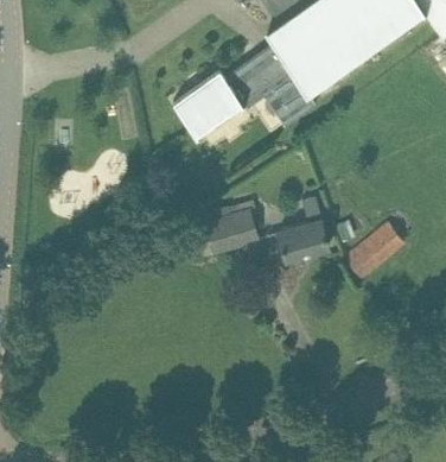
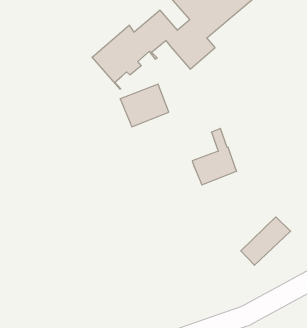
building: [205,210,260,257] -> [120,84,169,127]
building: [344,226,403,279] -> [241,217,291,265]

